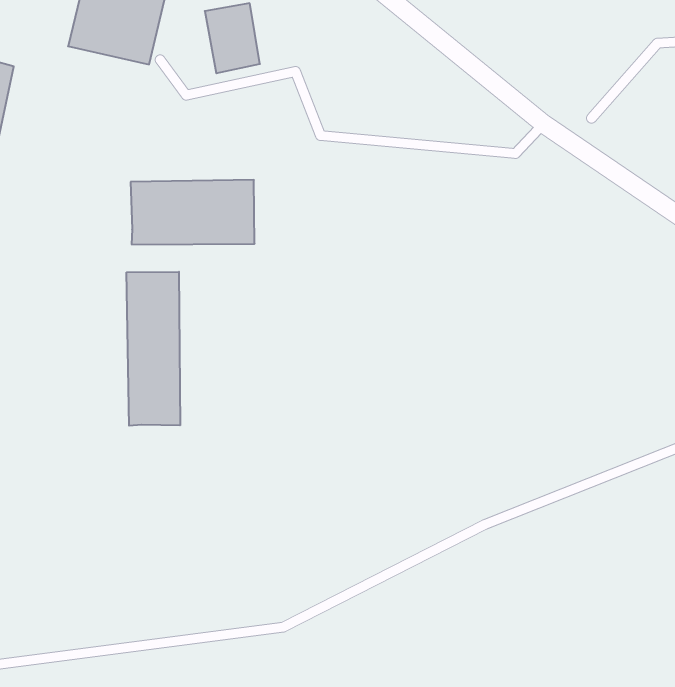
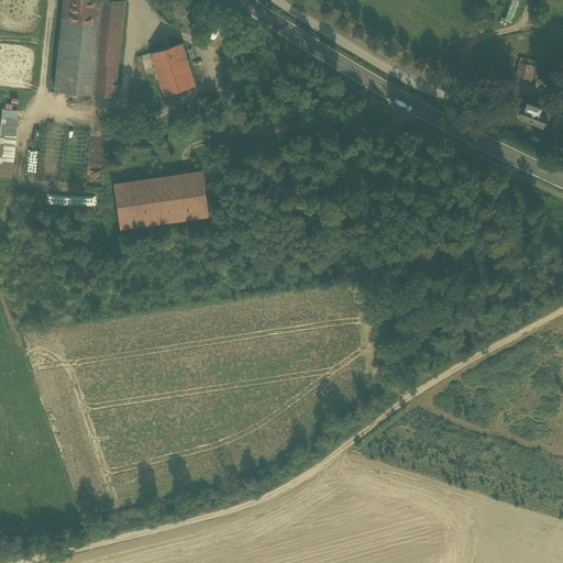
building: [127,272,180,426] -> none

